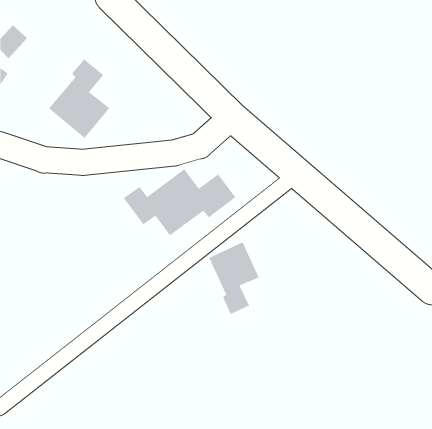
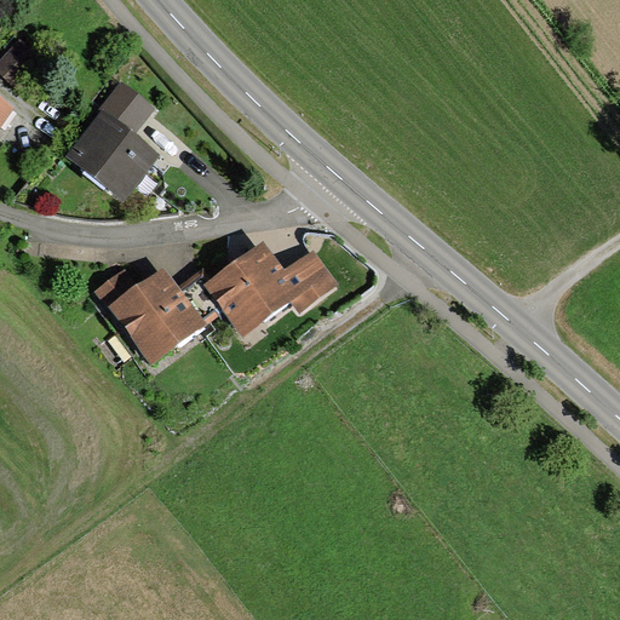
building: none -> [92,264,205,364]
building: [208,242,259,315] -> none

